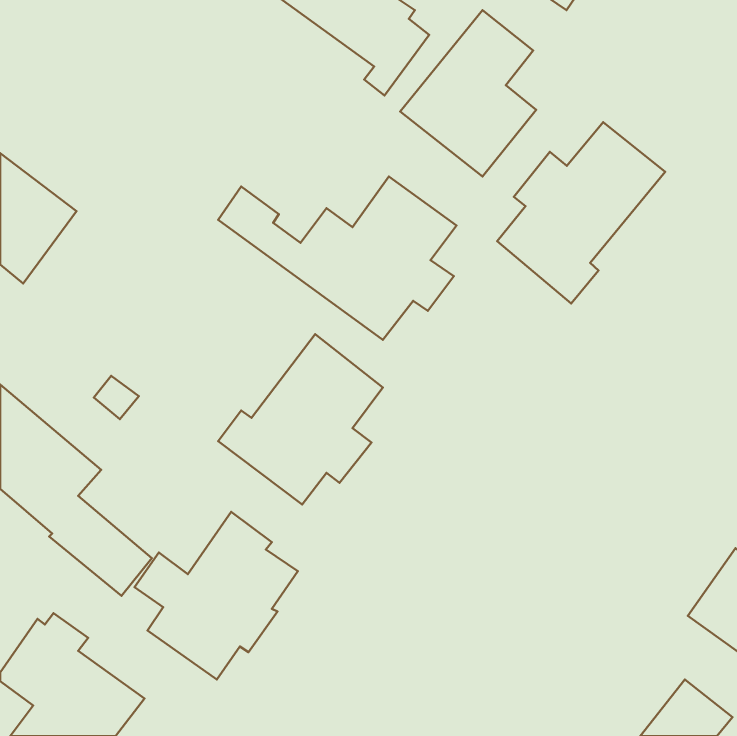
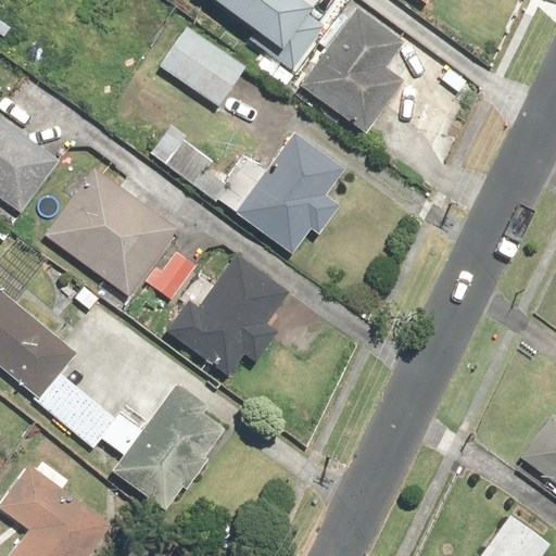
building: none -> [157,25,244,105]
building: [497,122,665,303] -> none
building: none -> [47,166,197,300]

